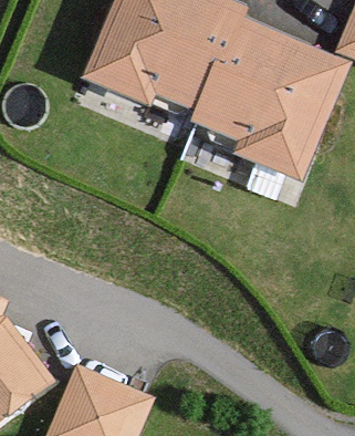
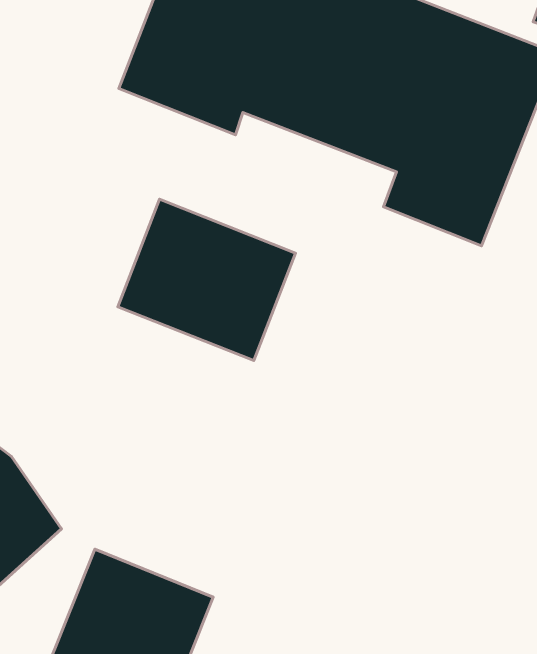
building: none -> [118,199,295,361]

